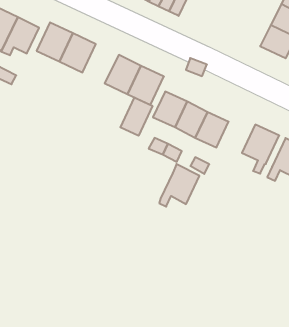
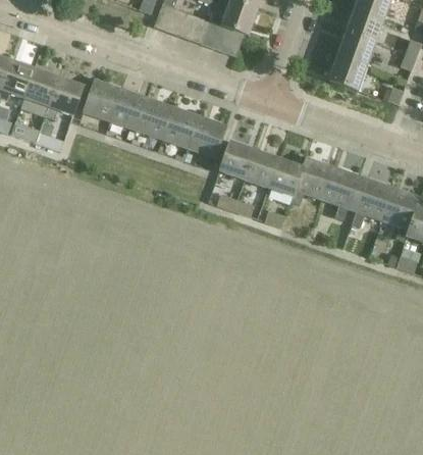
building: none -> [137,97,174,139]
building: [120,97,152,136] -> none
building: [159,164,199,207] -> [292,156,332,204]

